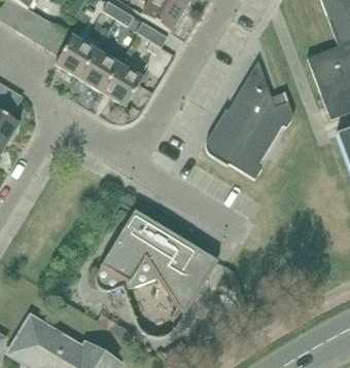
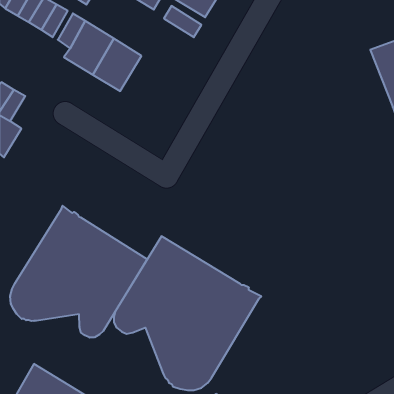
building: [206,59,293,177] -> none
building: [101,61,143,104] -> none
building: none -> [10,206,147,338]

